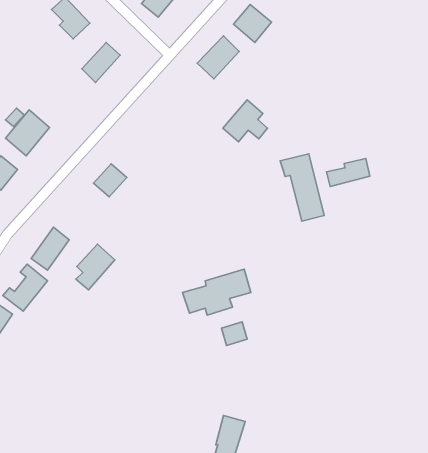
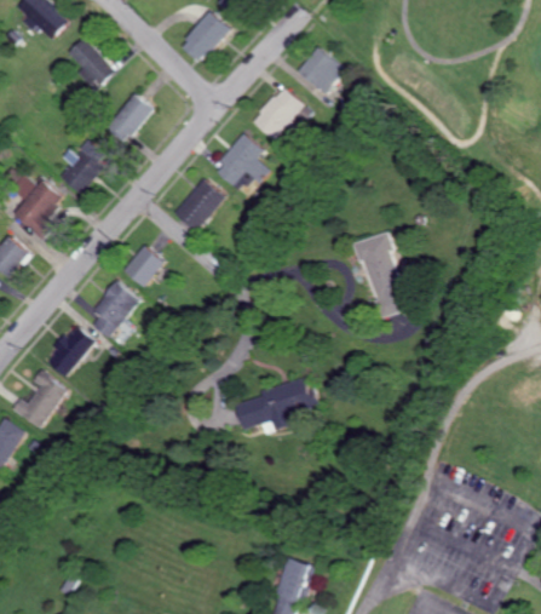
building: none -> [62,139,111,193]
building: [223,100,268,142] -> [213,134,269,187]
building: none -> [173,178,224,230]
building: [326,159,370,186] -> none
building: [76,244,115,290] -> [90,280,138,337]
building: [221,322,247,345] -> none

